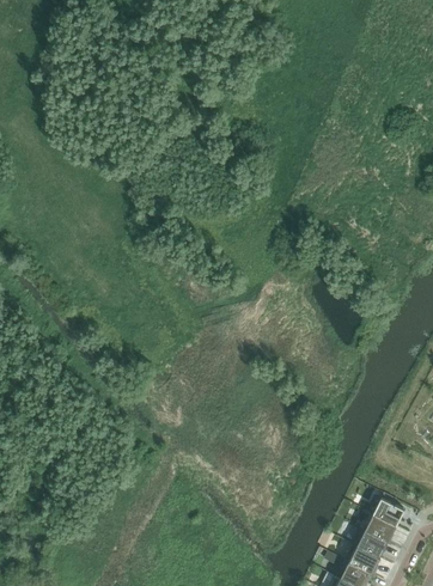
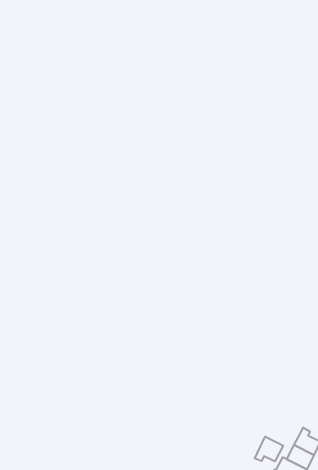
building: none -> [255,437,283,461]

